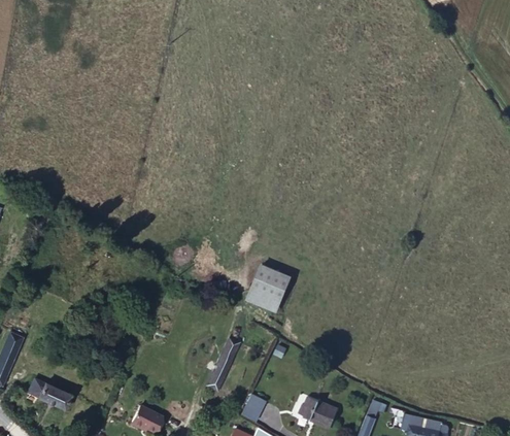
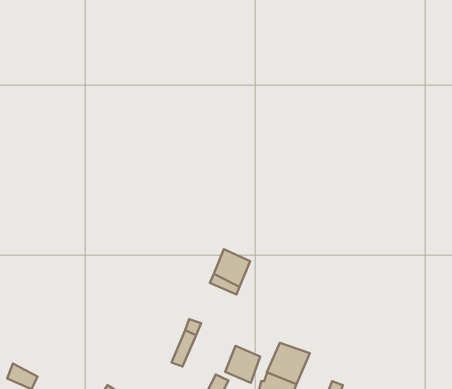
building: none -> [267,343,310,384]
building: none -> [225,346,260,383]

